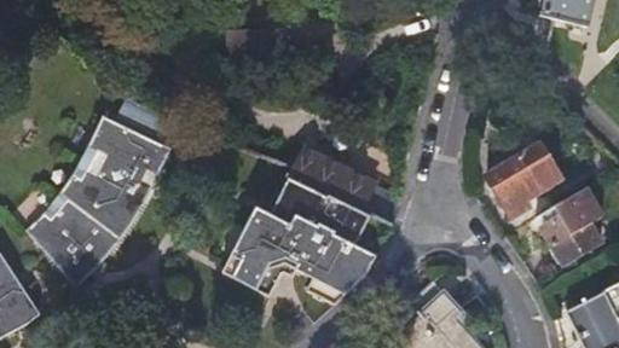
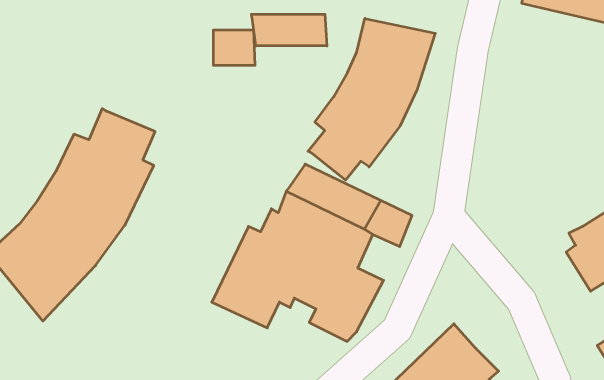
building: none -> [251,14,327,46]
building: none -> [308,18,435,180]
building: [481,140,562,224] -> none

